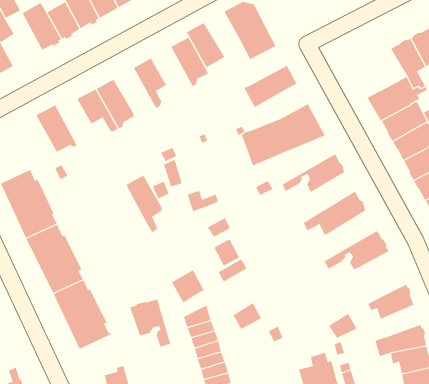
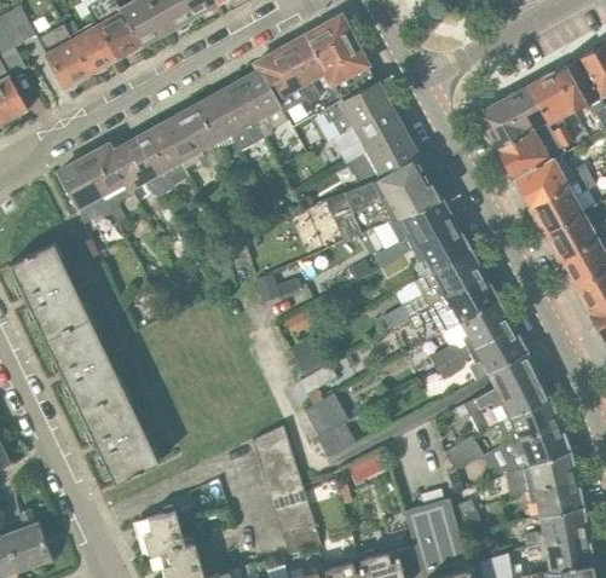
building: none -> [279,35,325,102]
building: none -> [322,81,389,133]
building: none -> [209,82,264,149]
building: none -> [477,85,542,150]
building: none -> [160,110,215,168]
building: none -> [340,131,417,193]
building: none -> [375,200,454,265]
building: none -> [403,248,480,316]
building: [125,175,163,233] -> [82,145,132,222]
building: none -> [431,299,509,366]
building: none -> [463,353,548,432]
building: [171,269,205,303] -> [304,392,348,437]
building: [130,298,171,347] -> none
building: none -> [503,424,567,468]

